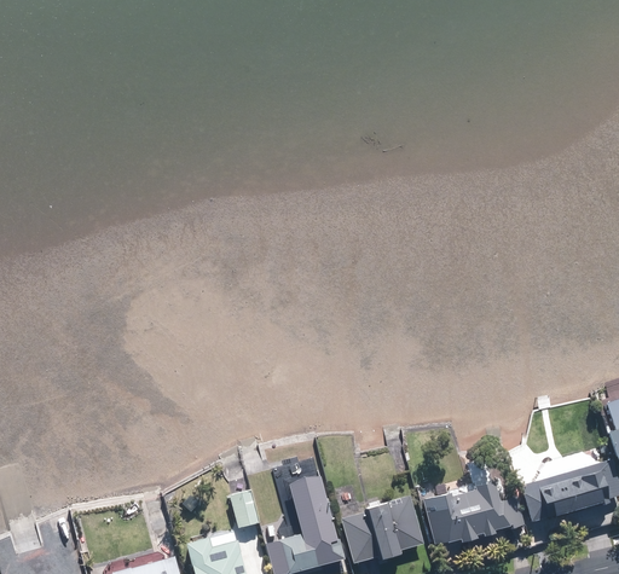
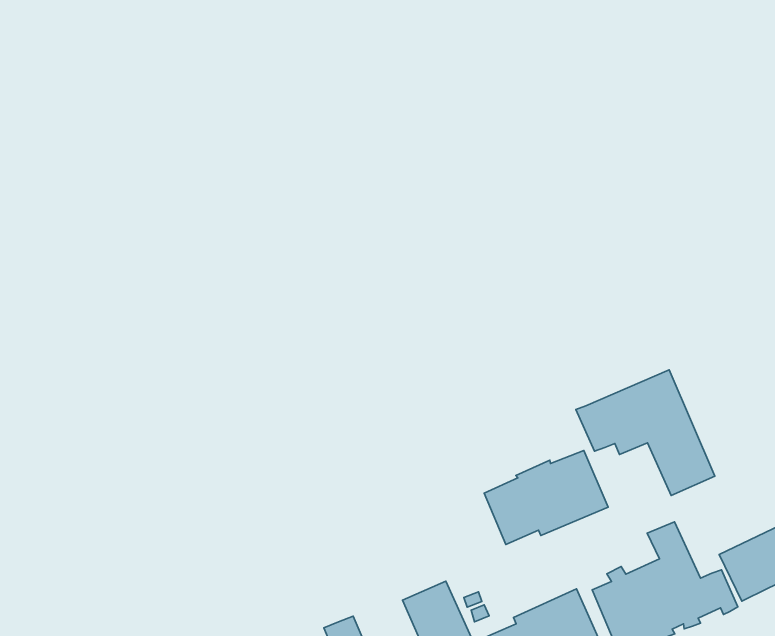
building: none -> [576,370,715,496]
building: none -> [484,450,608,544]

